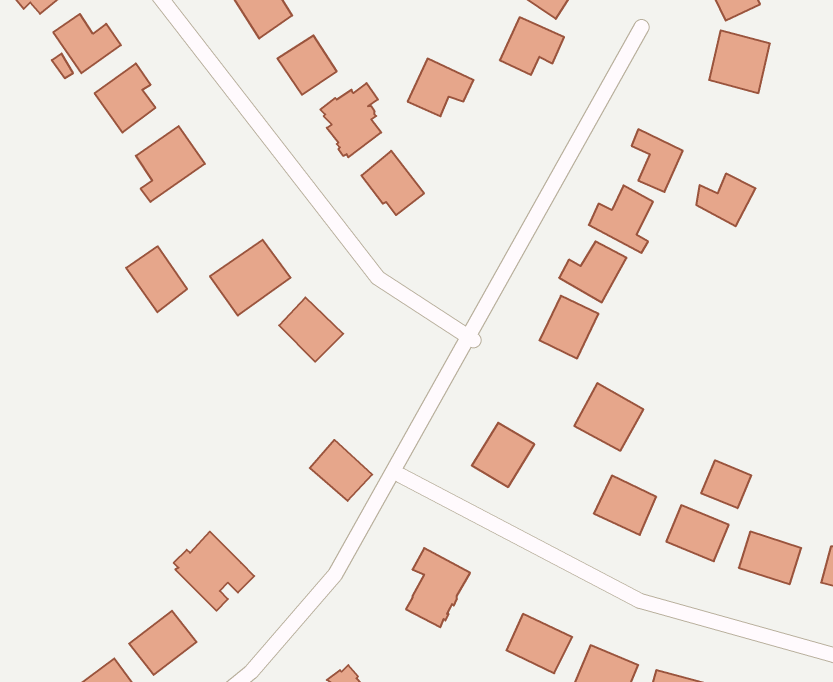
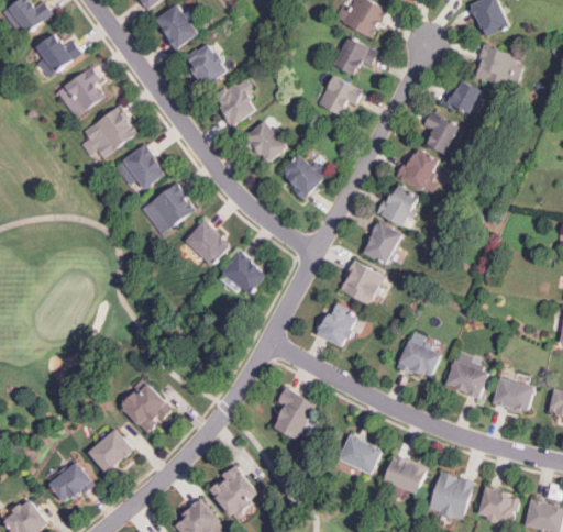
building: [408,59,474,116] -> [317,76,361,114]
building: [696,174,756,226] -> [440,81,479,117]
building: none -> [282,156,329,201]
building: [126,246,187,312] -> [123,146,164,190]
building: [574,383,643,451] -> [336,259,383,304]
building: [310,440,372,501] -> [223,253,265,293]
building: [701,460,751,508] -> none

